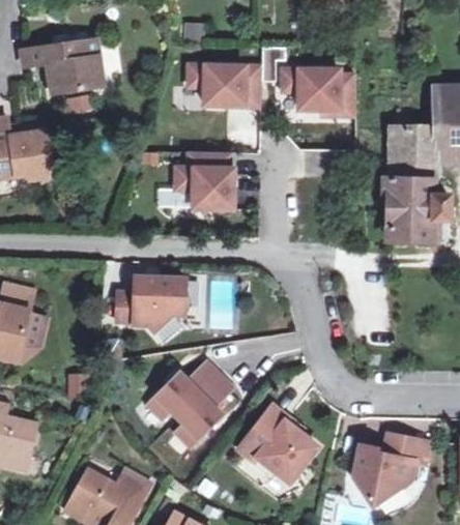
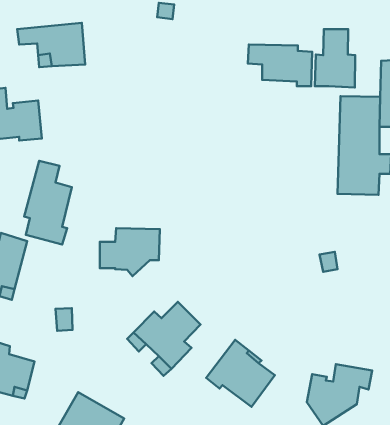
building: none -> [315,29,355,87]
building: [188,66,261,108] -> none
building: [172,152,230,209] -> none
building: none -> [24,161,72,245]

